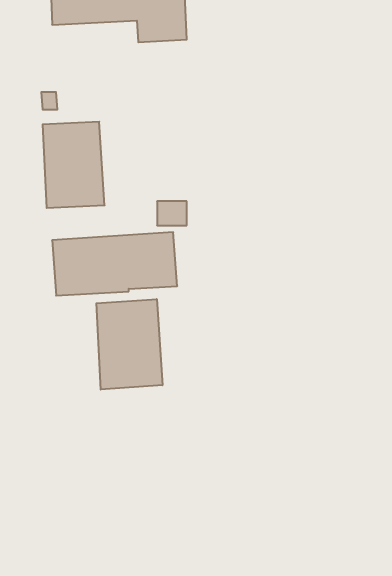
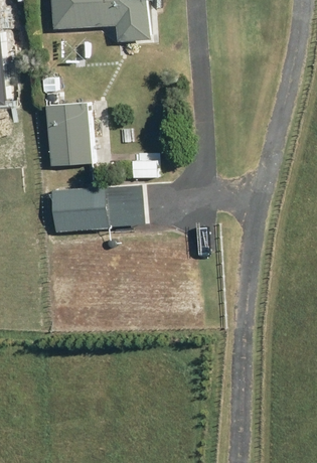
building: [96,299,162,390] -> none

